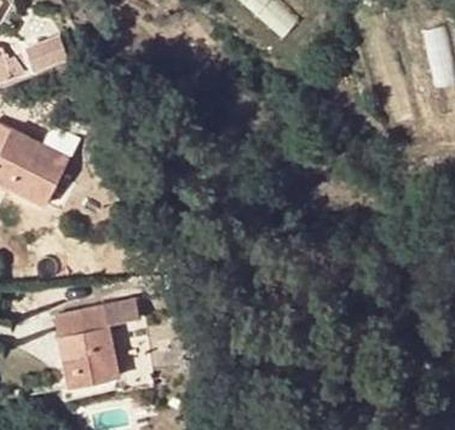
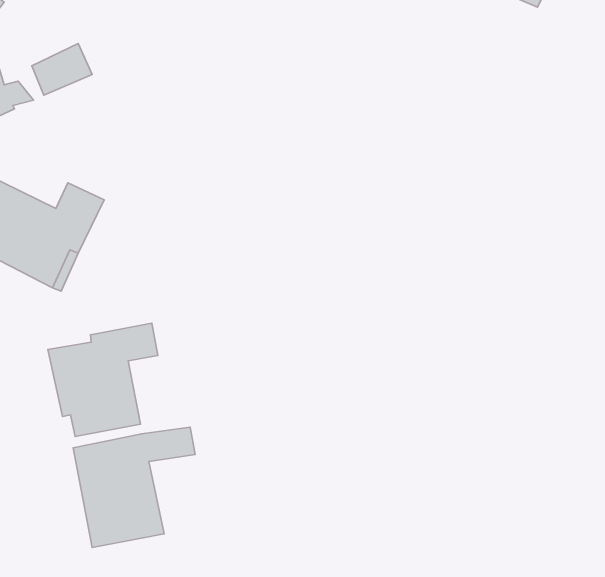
building: none -> [48,323,158,437]

